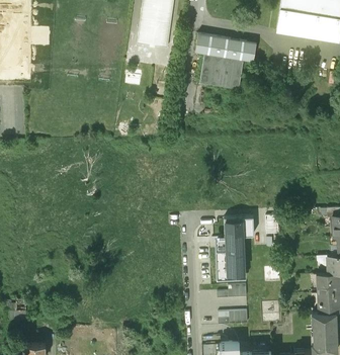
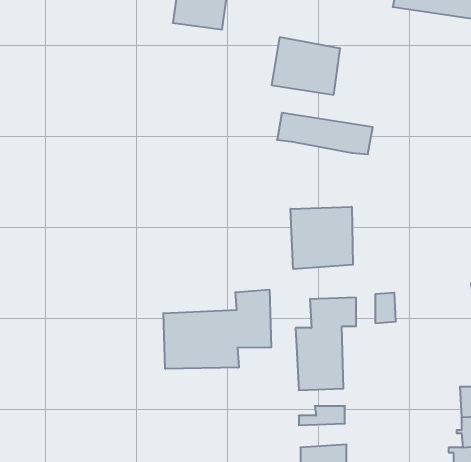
building: [195,35,256,62] -> [277,113,373,154]
building: none -> [291,207,353,269]
building: none -> [163,290,271,369]

